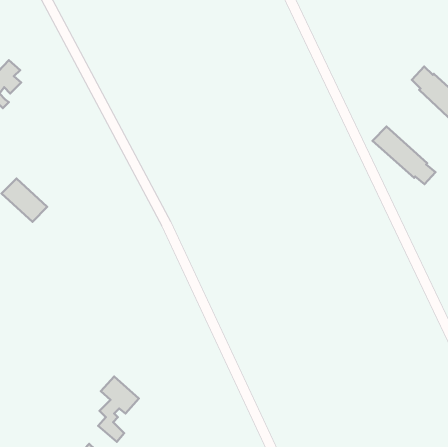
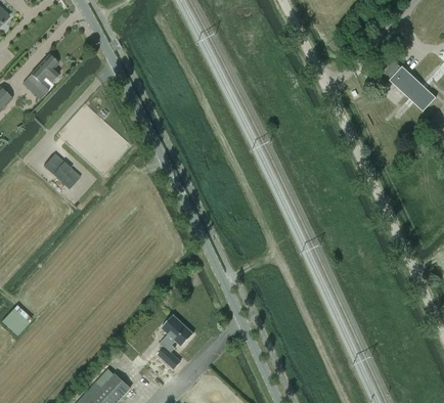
building: [373,126,435,184] -> none
building: [98,376,139,442] -> [159,314,192,368]

